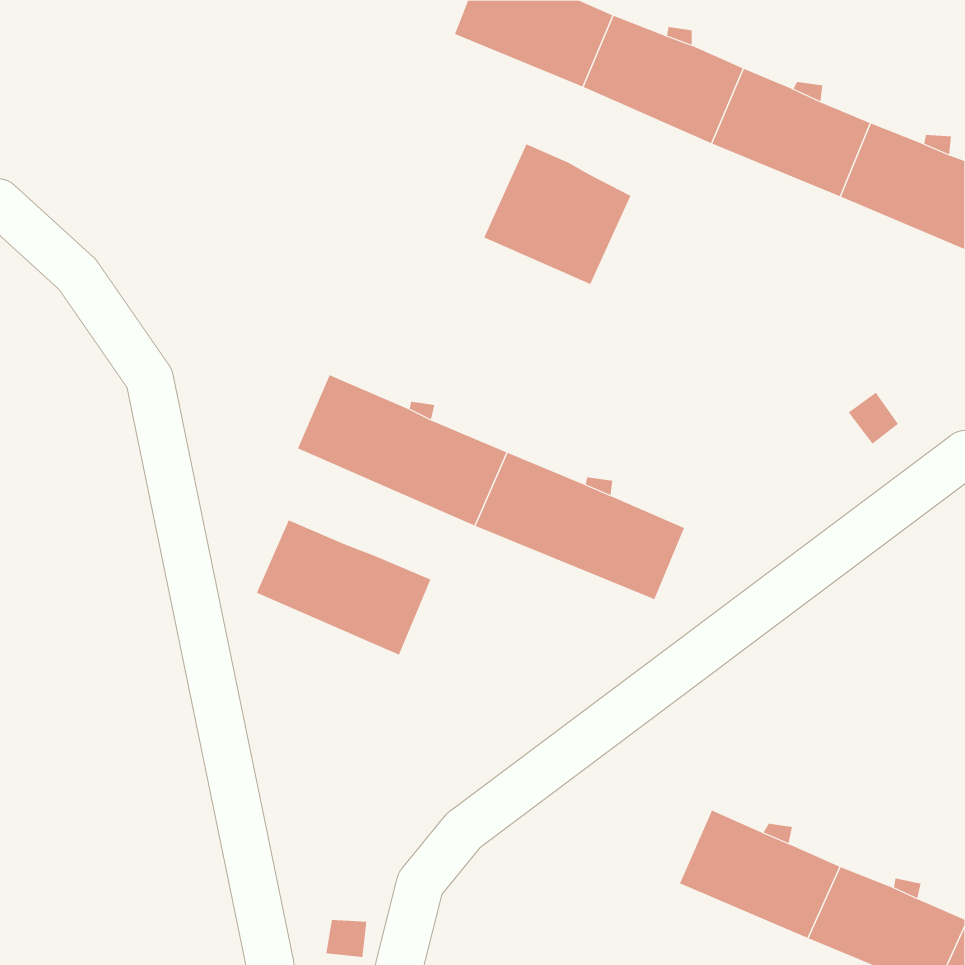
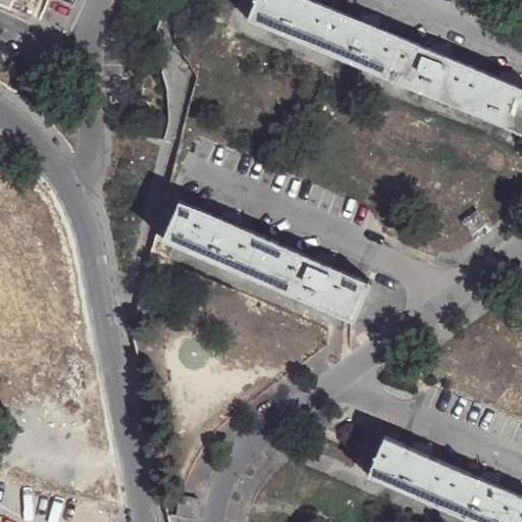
building: [484,143,631,285] -> none
building: [256,520,431,656] -> none

